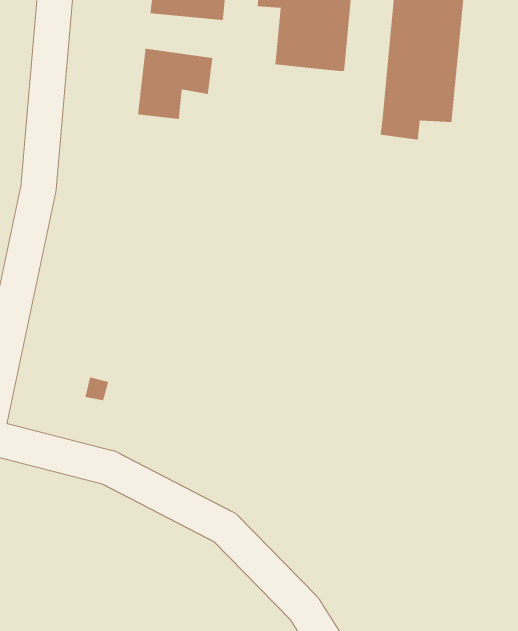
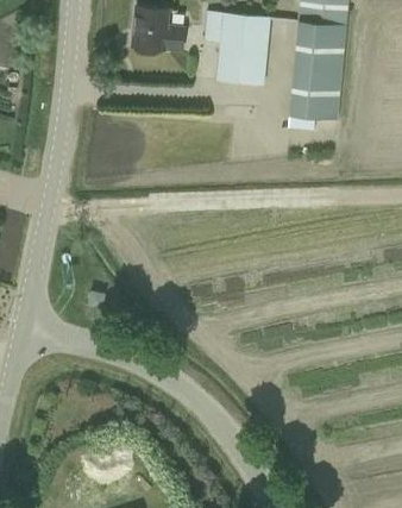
building: [137,48,213,120] -> none

